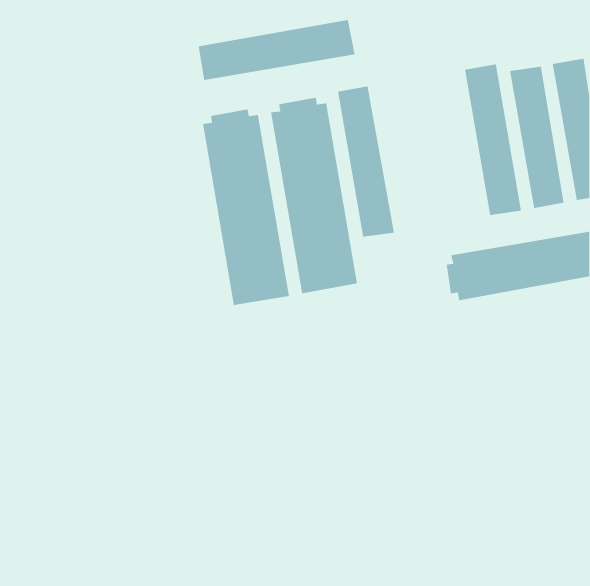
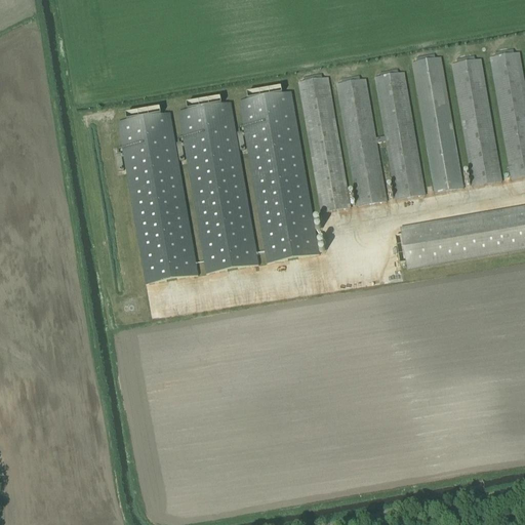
building: [198,19,356,81] -> none
building: none -> [337,72,425,205]
building: none -> [118,112,198,284]

